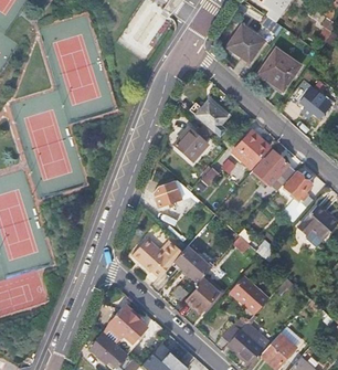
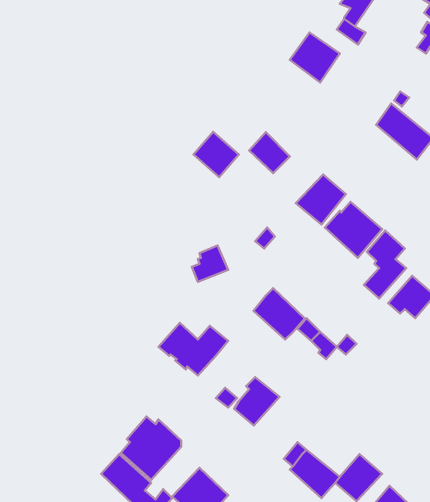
building: [258,49,299,89] -> none
building: [173,127,207,160] -> [193,132,239,177]
building: [172,245,210,283] -> [253,288,305,340]
building: [229,276,267,313] -> none

